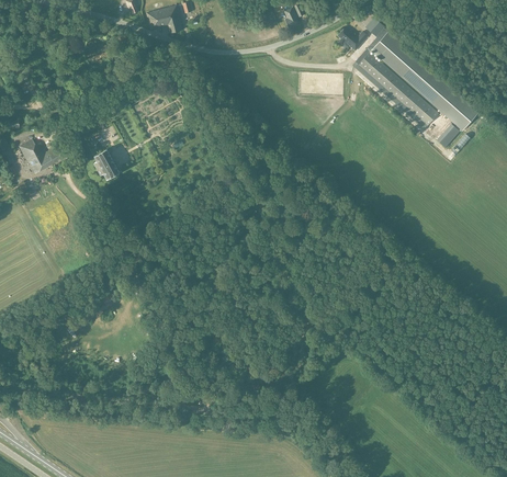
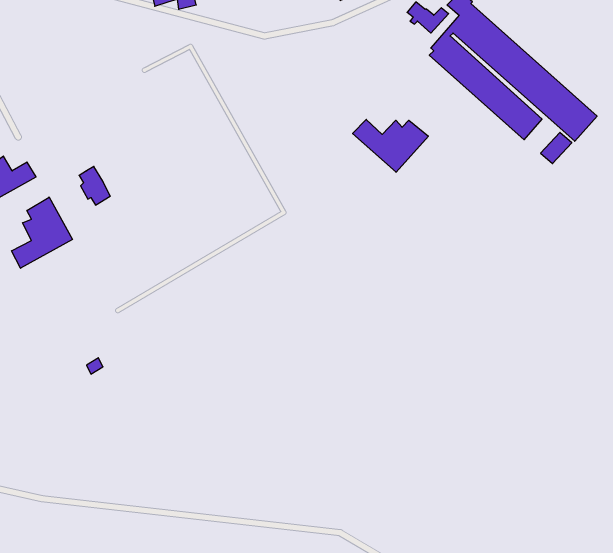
building: none -> [353,119,428,172]
building: none -> [12,197,72,268]

